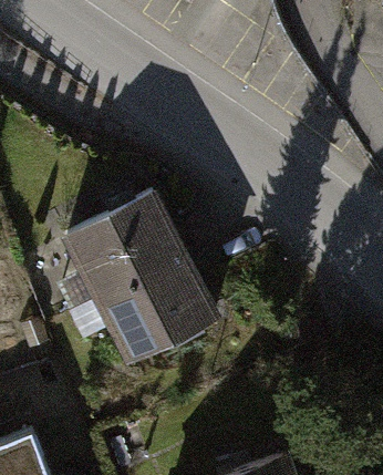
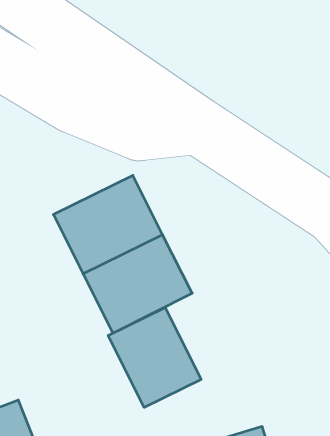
building: none -> [108,307,201,407]

